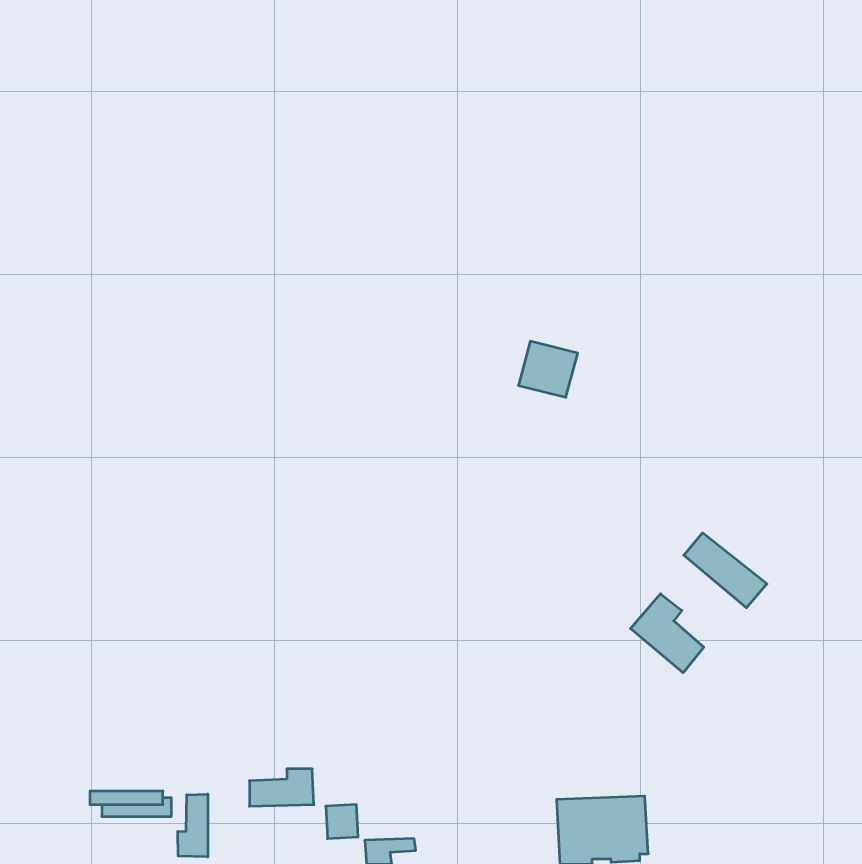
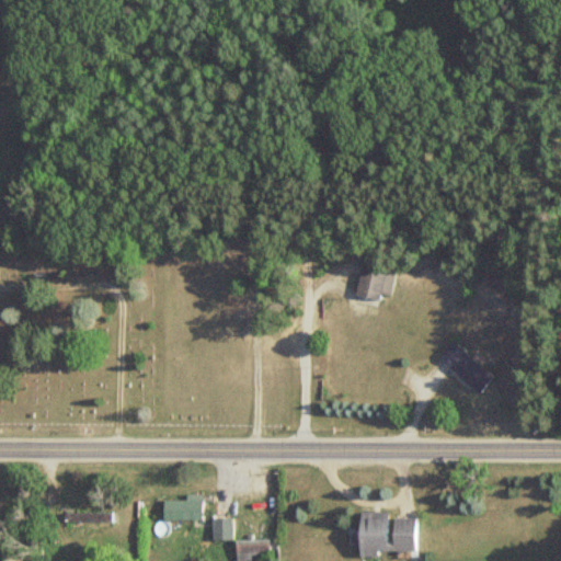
building: [518,341,578,397] -> [353,266,391,302]
building: [630,594,704,673] -> none
building: [178,794,208,857] -> none

